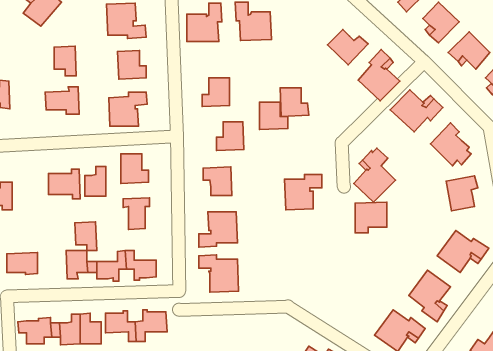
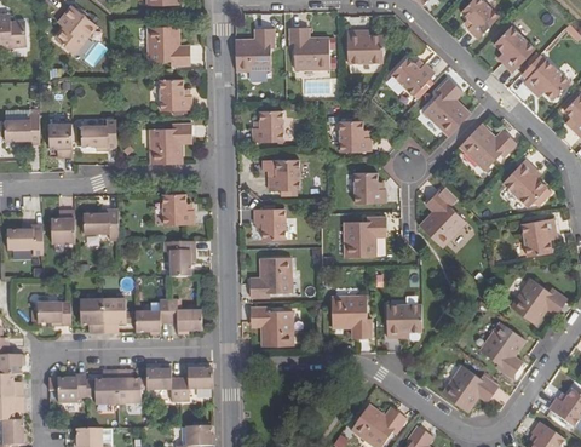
building: none -> [346,30,382,63]
building: [54,46,76,76] -> [48,122,73,155]
building: [259,102,288,130] -> [352,172,384,202]
building: [85,167,106,196] -> [51,211,74,243]
building: [355,202,387,233] -> [386,303,421,337]
building: [75,222,97,250] -> [79,299,103,331]
building: none -> [330,294,372,338]

